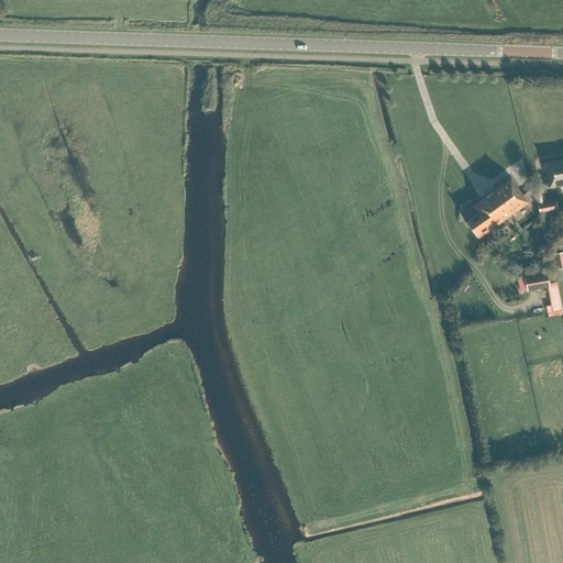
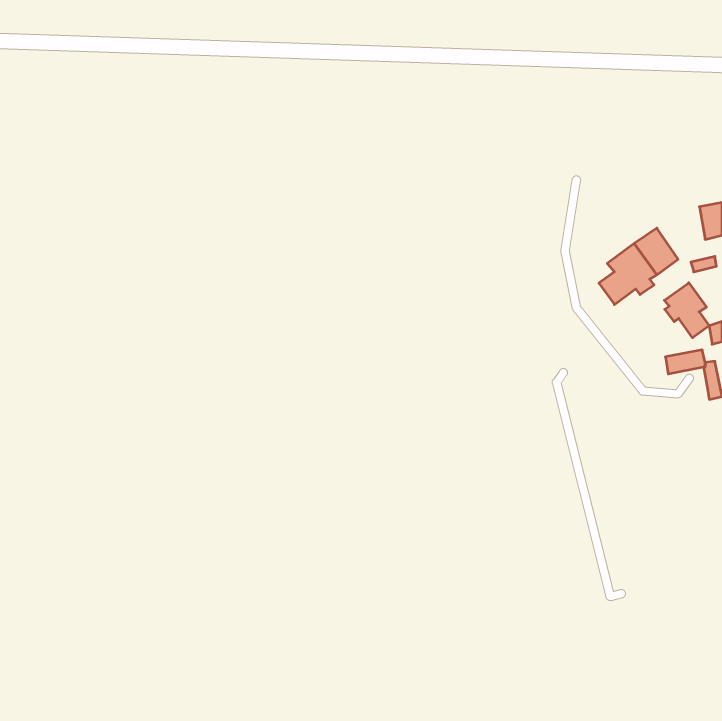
building: none -> [664,283,709,338]

